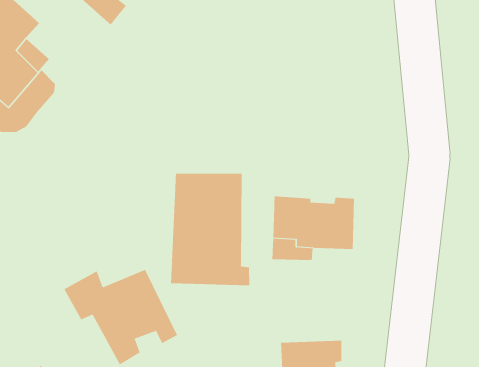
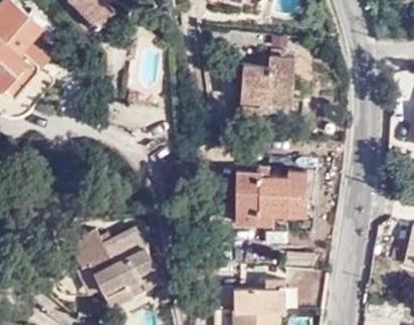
building: none -> [240,56,293,106]
building: [171,173,250,286] -> none

